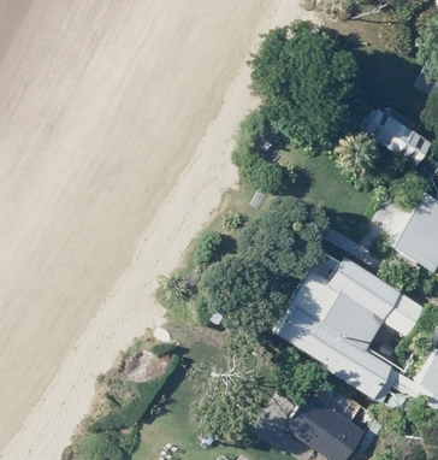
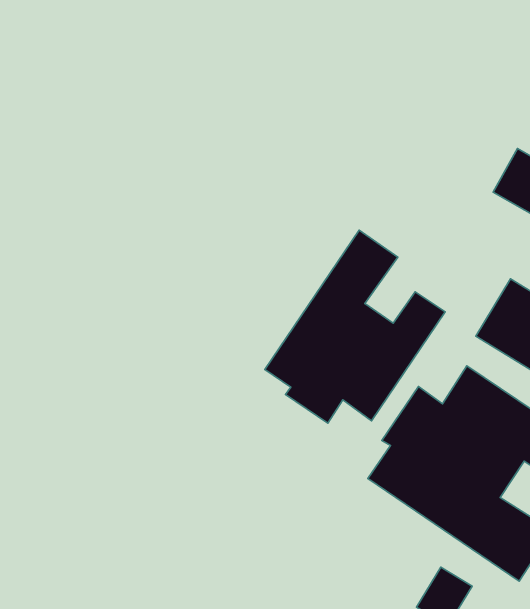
building: none -> [265,230,445,423]

